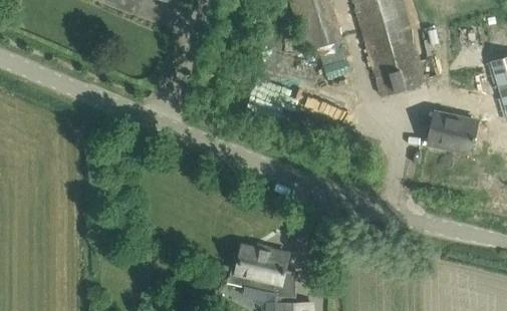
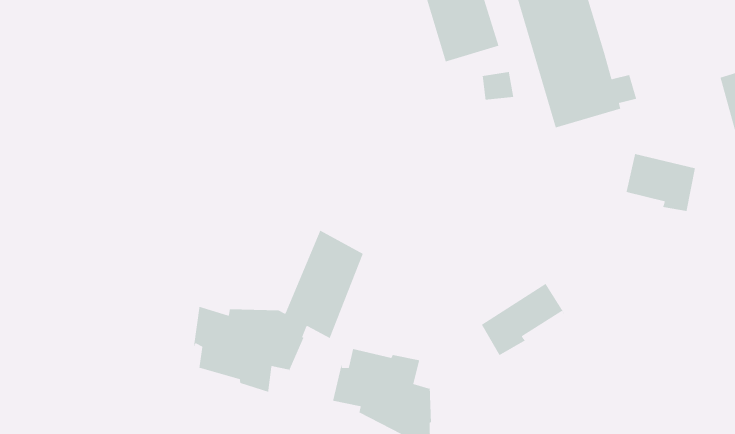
building: none -> [193,229,364,393]
building: none -> [481,283,566,356]

